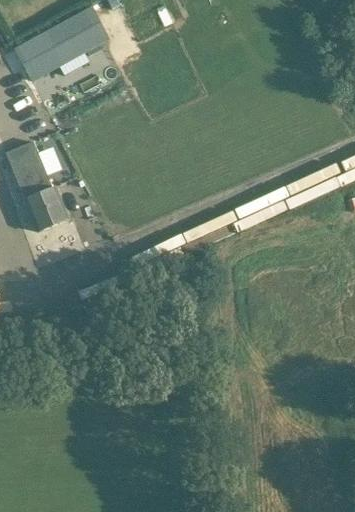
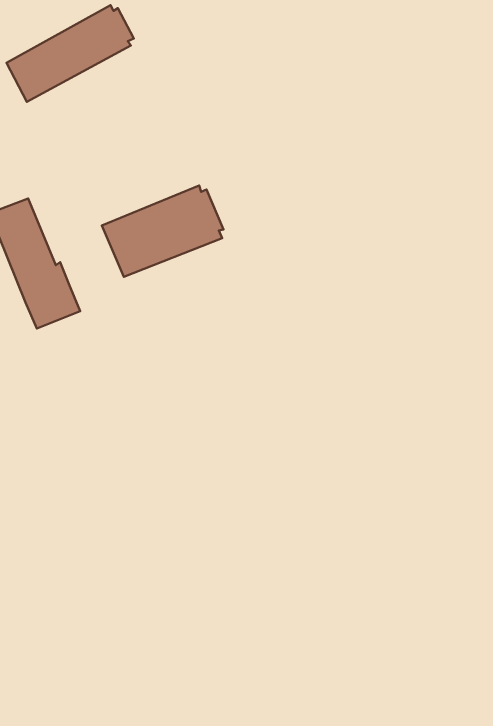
building: none -> [102,186,223,277]

